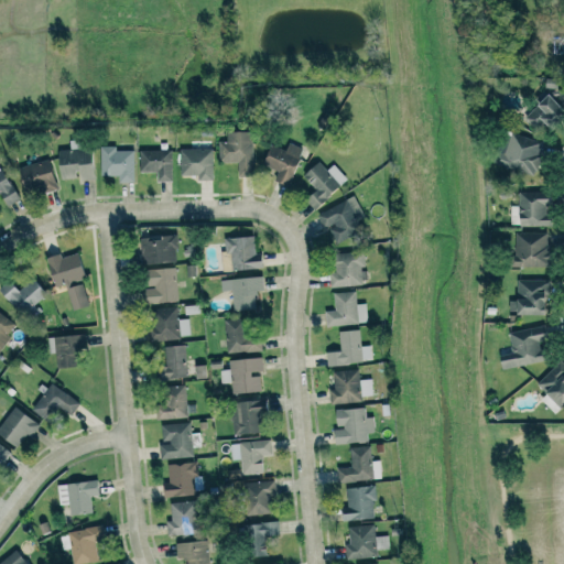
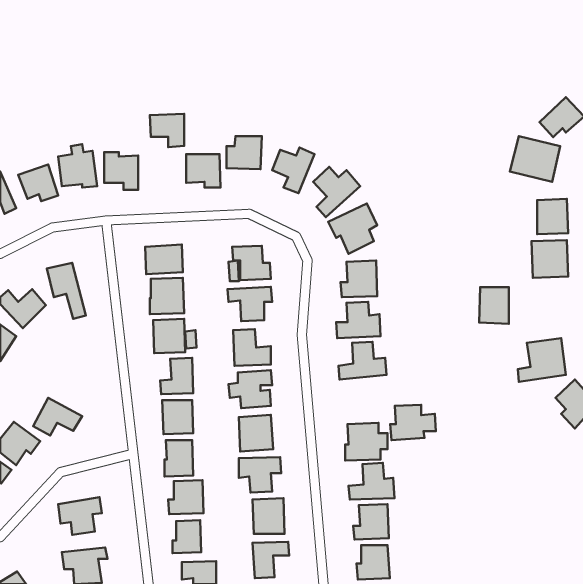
building: [140,150,173,182] -> [150,114,184,147]
building: [517,280,545,315] -> [479,287,509,324]
building: [47,333,86,368] -> none
building: [329,370,373,404] -> [390,405,436,440]

